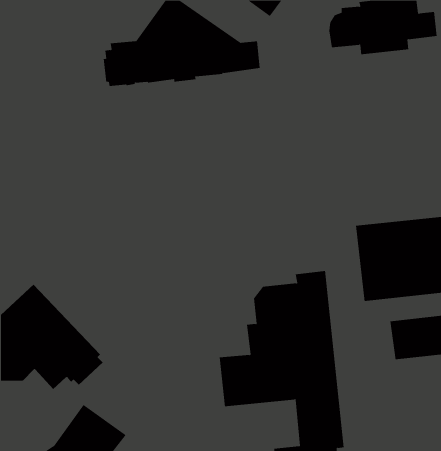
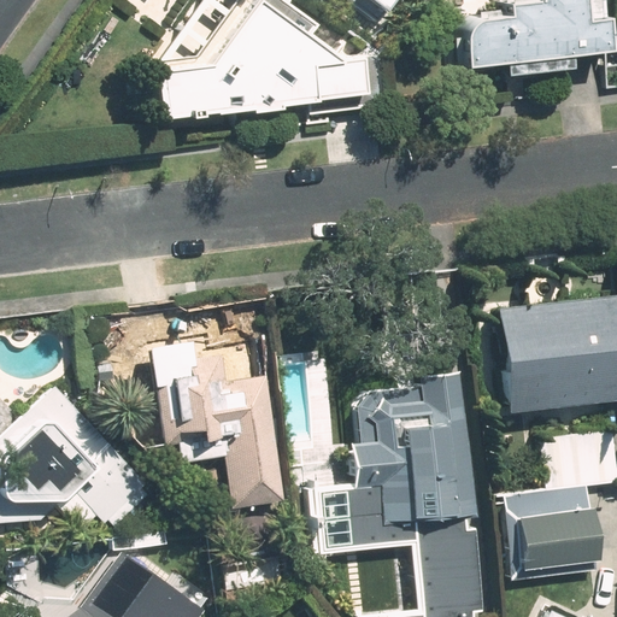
building: none -> [151,341,290,510]
building: none -> [519,507,605,570]

